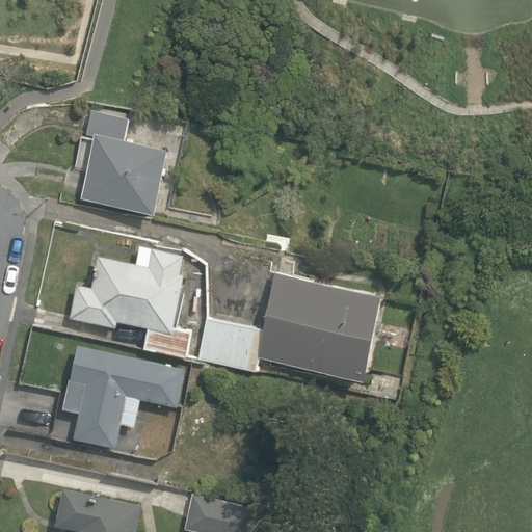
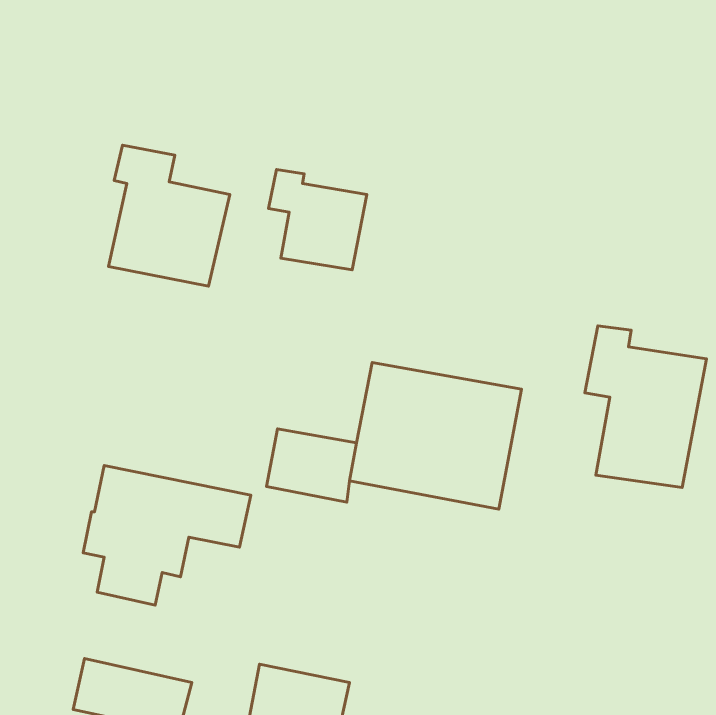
building: none -> [269,169,367,270]
building: none -> [585,326,707,488]
building: [68,246,190,360] -> none

